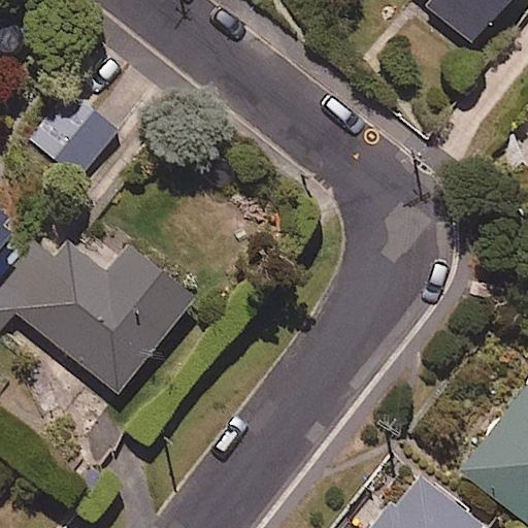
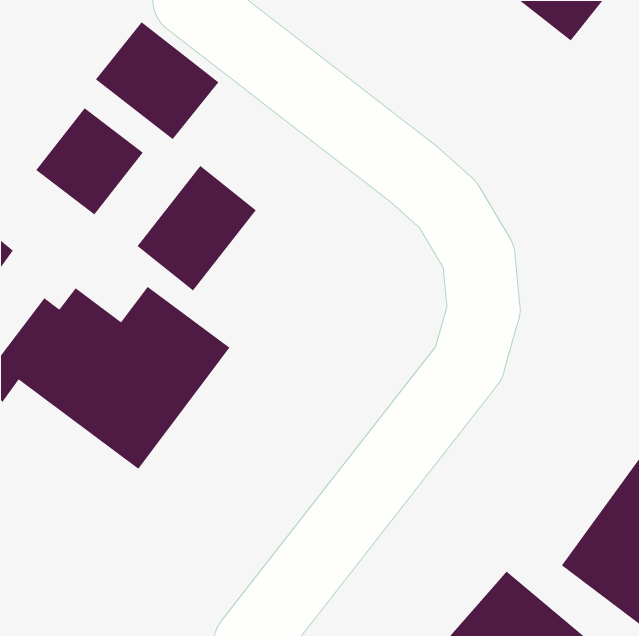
building: none -> [95,21,219,140]
building: none -> [137,165,257,291]

